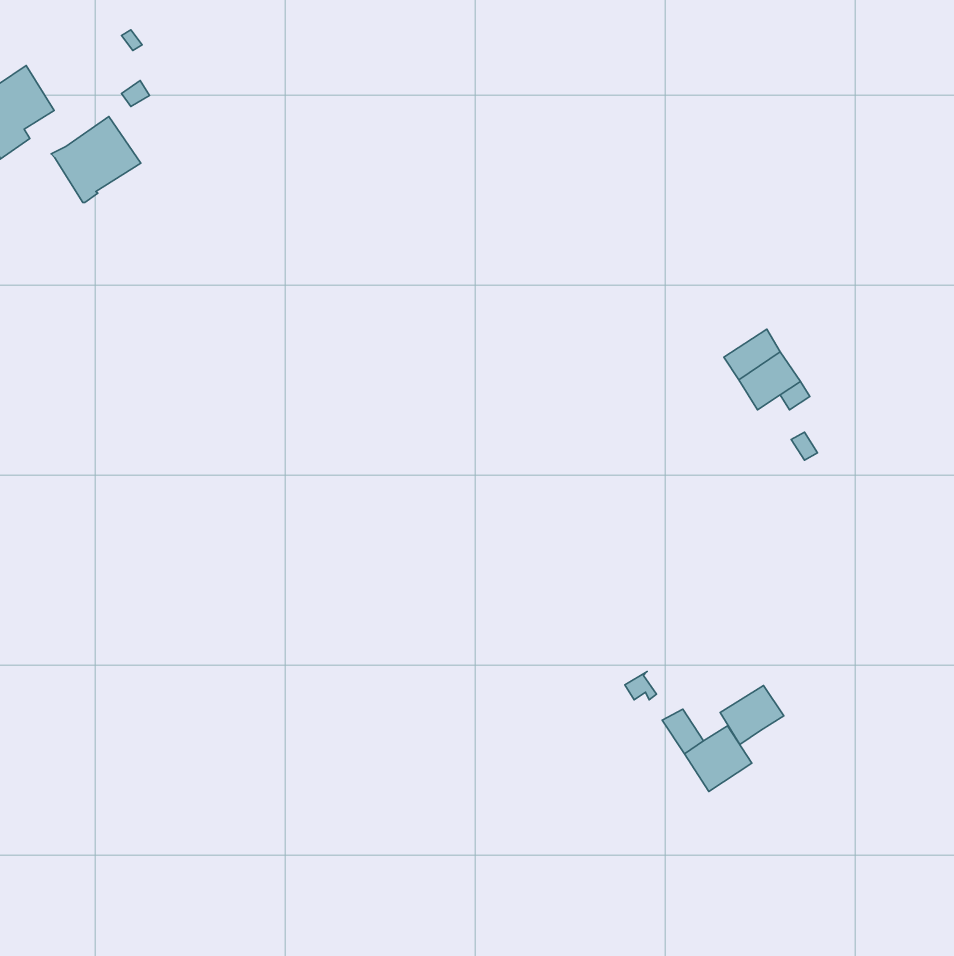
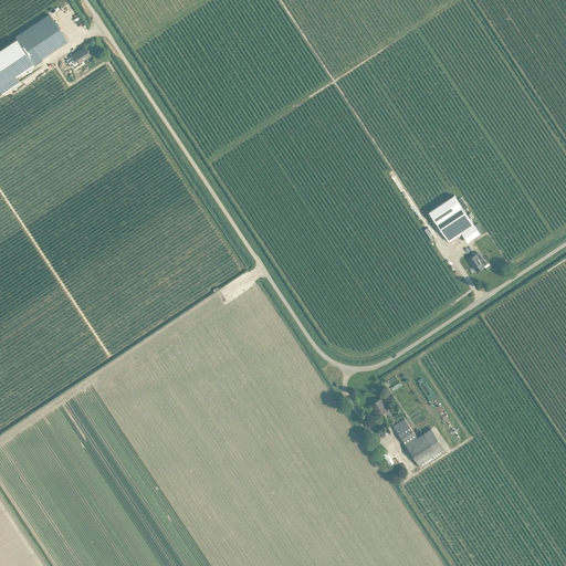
building: [51,117,141,203] -> [13,14,66,65]
building: [720,686,784,744] -> none

